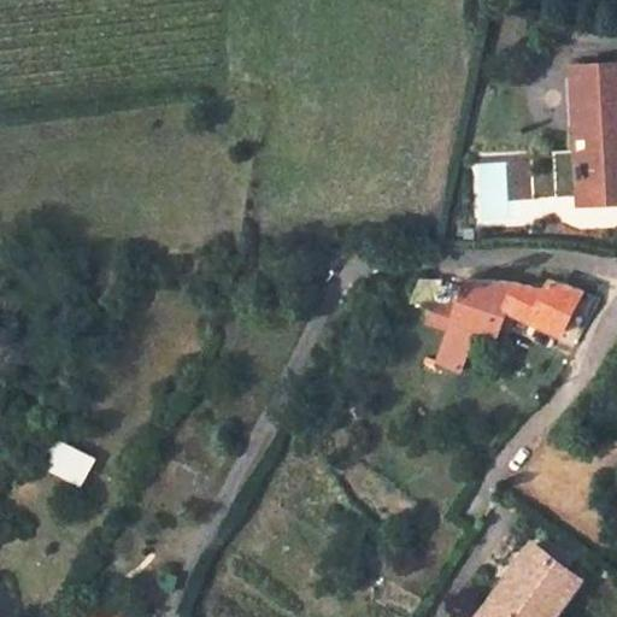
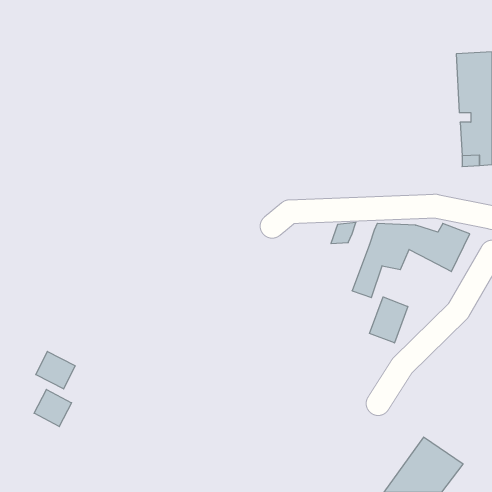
building: none -> [370,297,408,343]
building: none -> [34,389,72,427]

